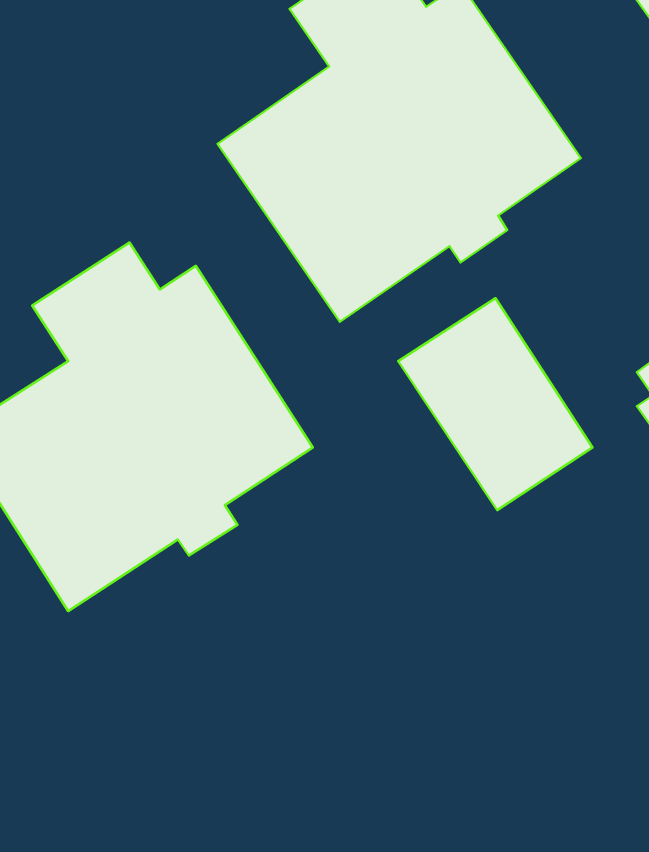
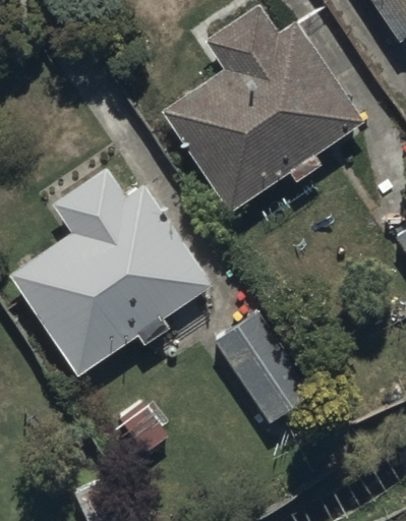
building: [398,298,593,510] -> [212,308,322,428]

